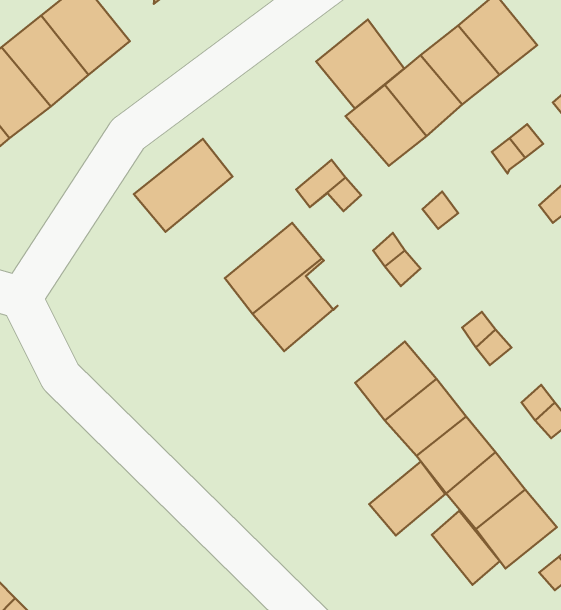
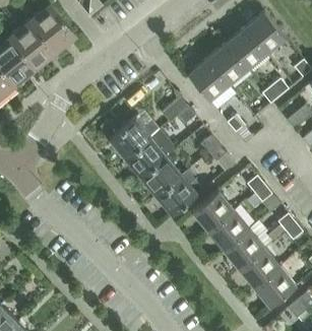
building: [316,20,404,109] -> none
building: [134,139,233,232] -> [109,111,160,158]
building: none -> [155,173,199,215]
building: [369,461,445,535] -> none
building: [432,511,500,585] -> none

